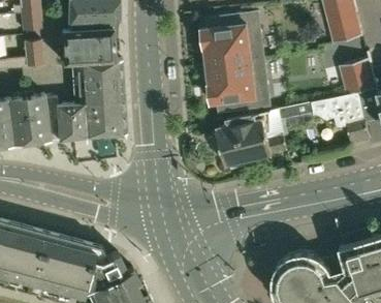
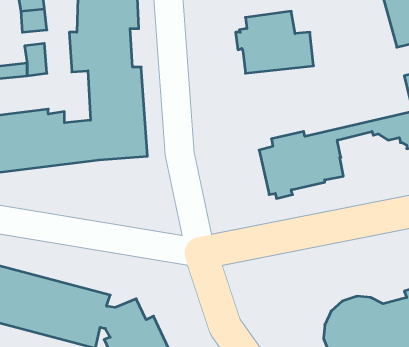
building: [207,59,267,112] -> none

